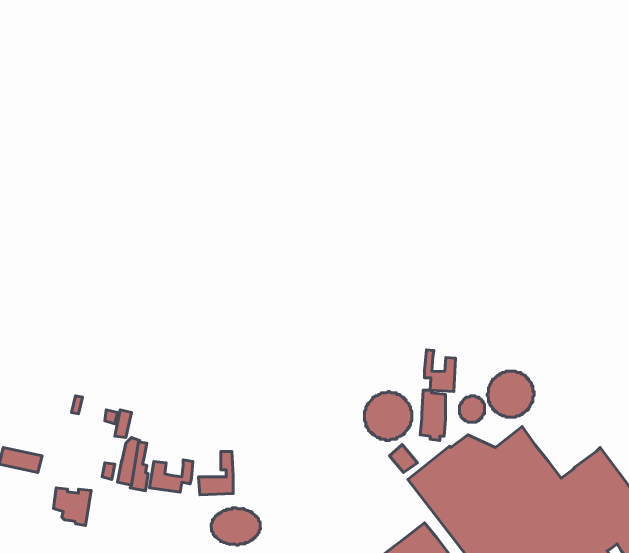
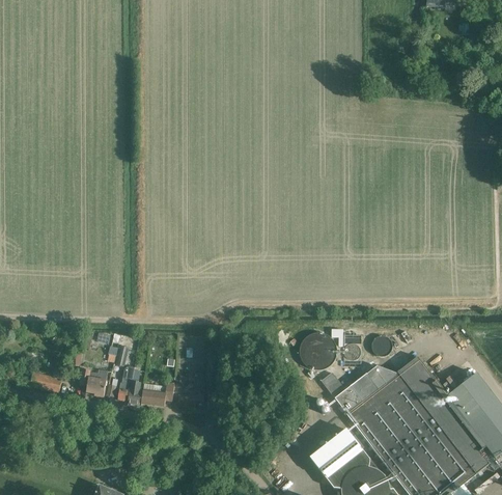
building: [424,350,455,392] -> none
building: [487,371,534,417] -> none
building: [53,488,91,525] -> [80,369,108,397]
building: [211,508,260,545] -> none

